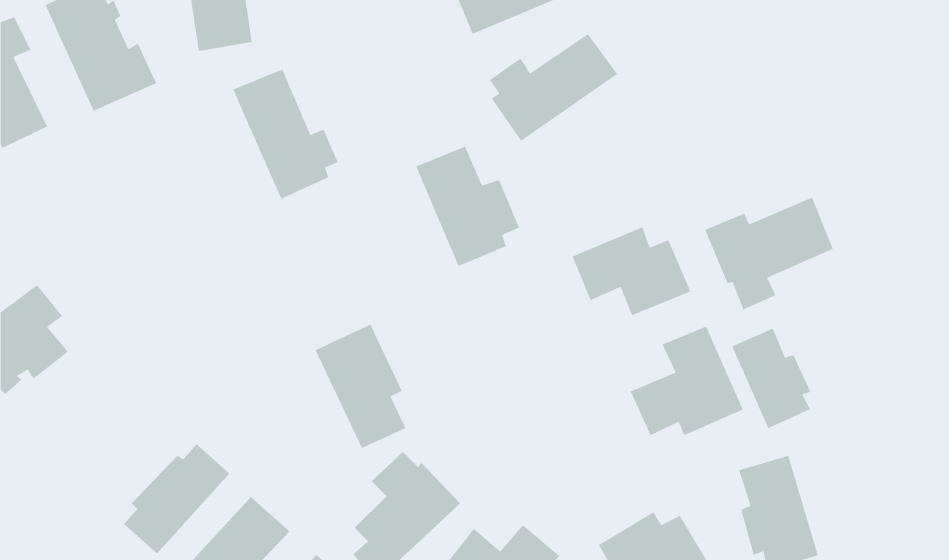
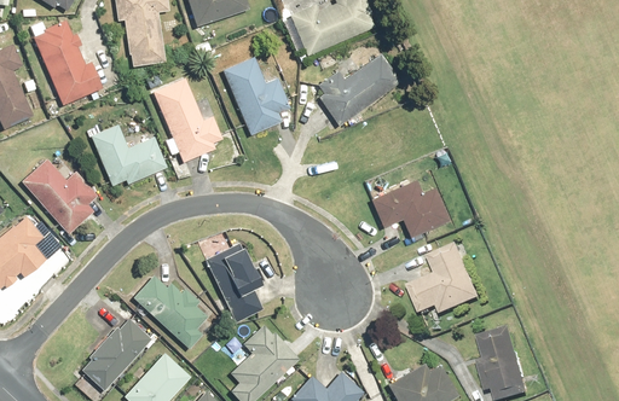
building: none -> [91,123,168,186]
building: [415,145,520,267] -> [222,56,290,134]
building: none -> [21,158,97,233]
building: [704,196,834,311] -> none
building: [731,327,811,429] -> none
building: none -> [133,274,209,348]

